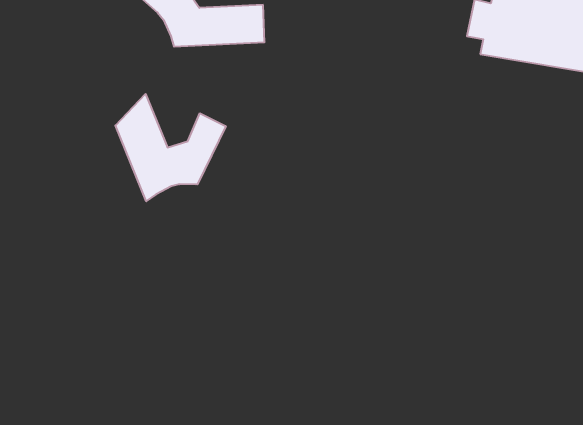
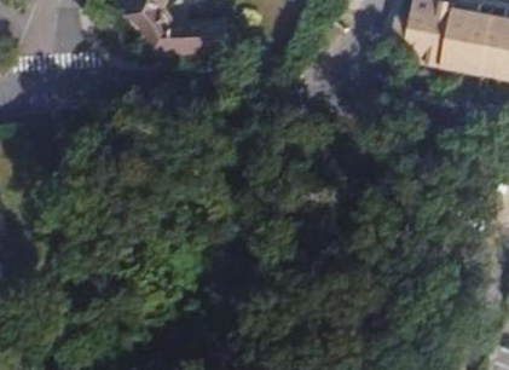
building: [115,94,226,201] -> none

